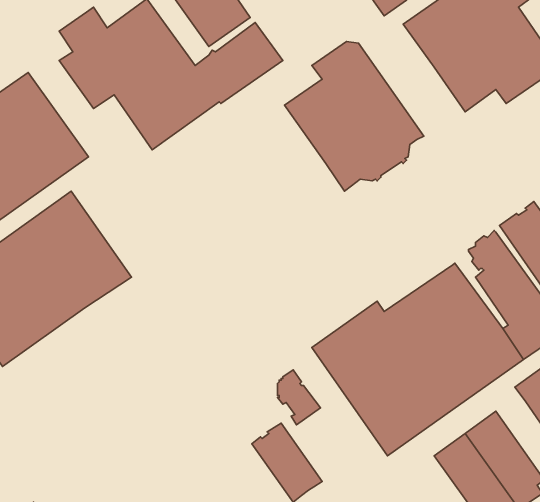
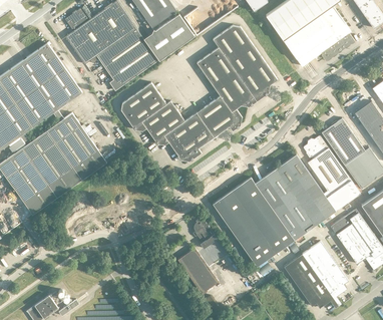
building: none -> [121,82,242,162]

